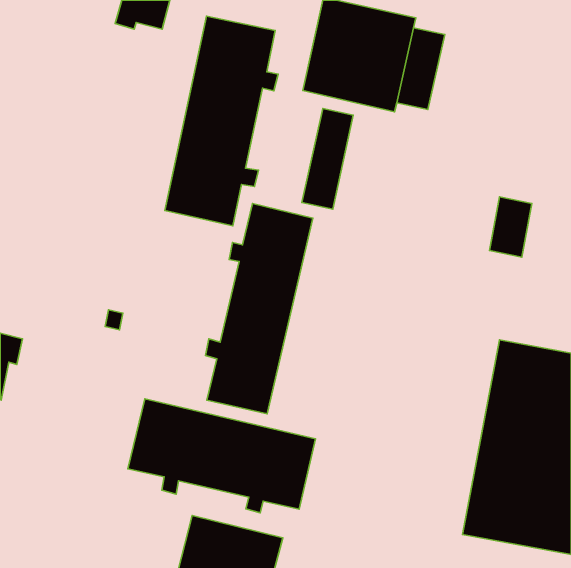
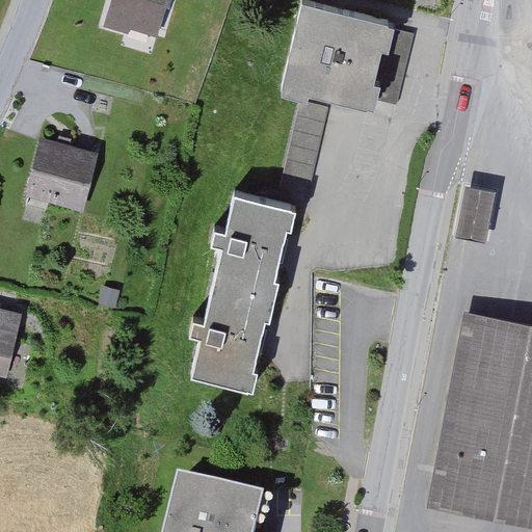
building: [165,16,278,226] -> none
building: none -> [31,140,91,205]
building: [128,399,315,513] -> none

